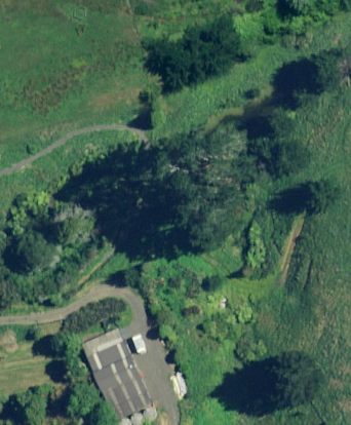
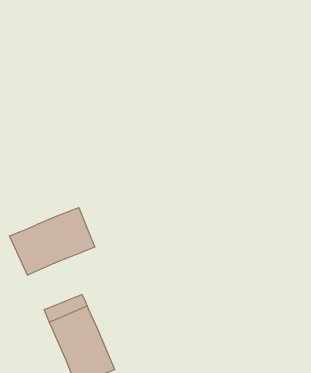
building: none -> [10,208,95,275]

